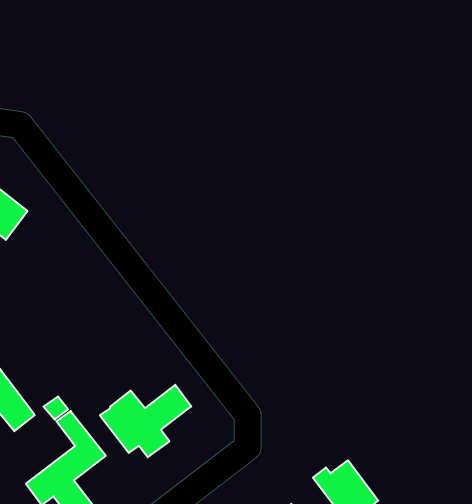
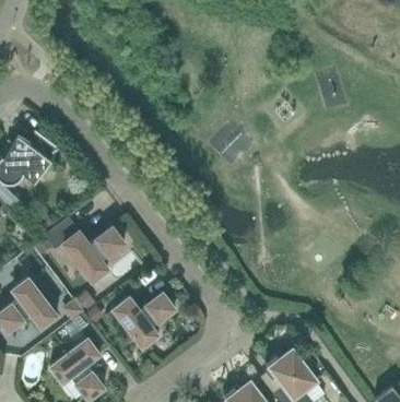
building: none -> [45,217,125,281]

